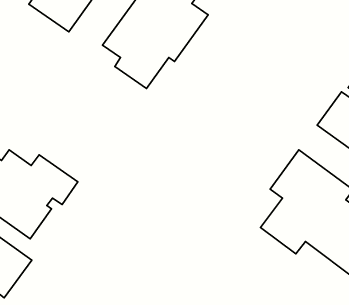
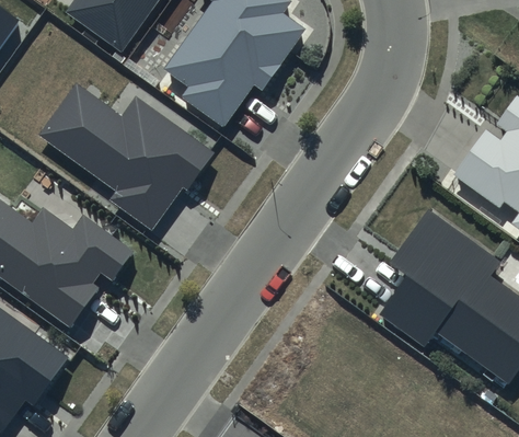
building: none -> [38,81,216,229]

